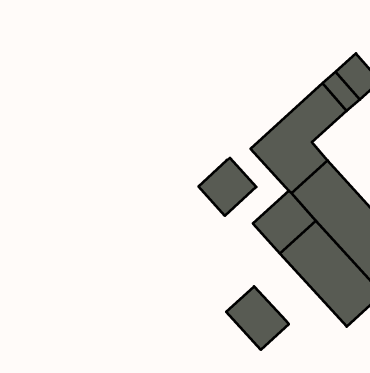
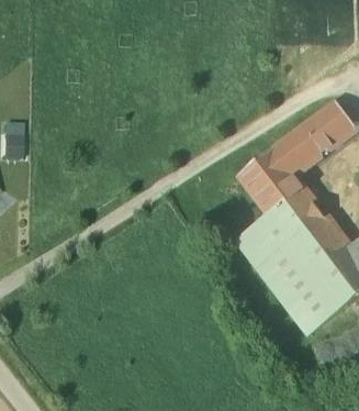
building: [199,158,256,216] -> none
building: [226,286,289,350] -> none

